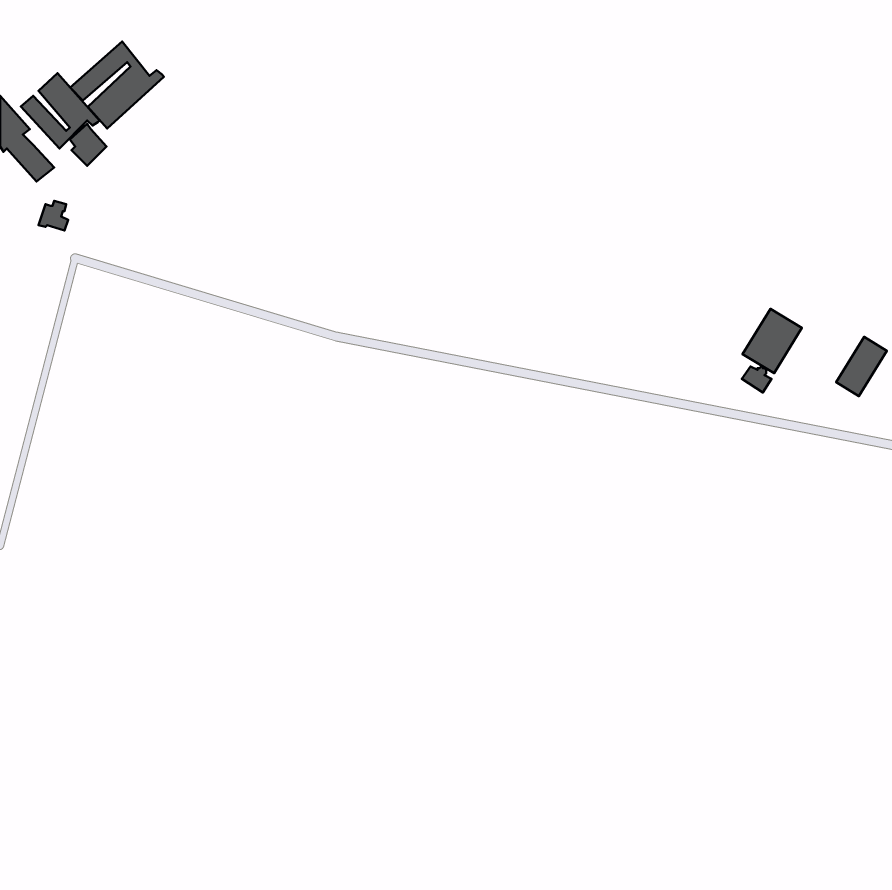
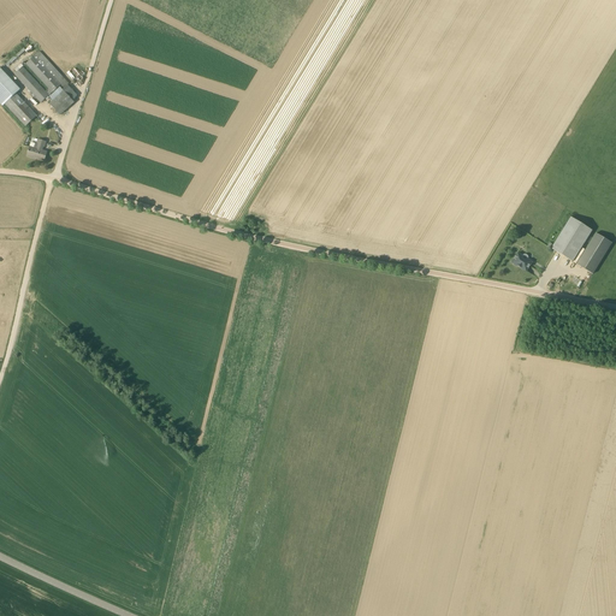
building: [70,42,164,129] -> none
building: [743,309,802,373] -> [551,217,592,261]

